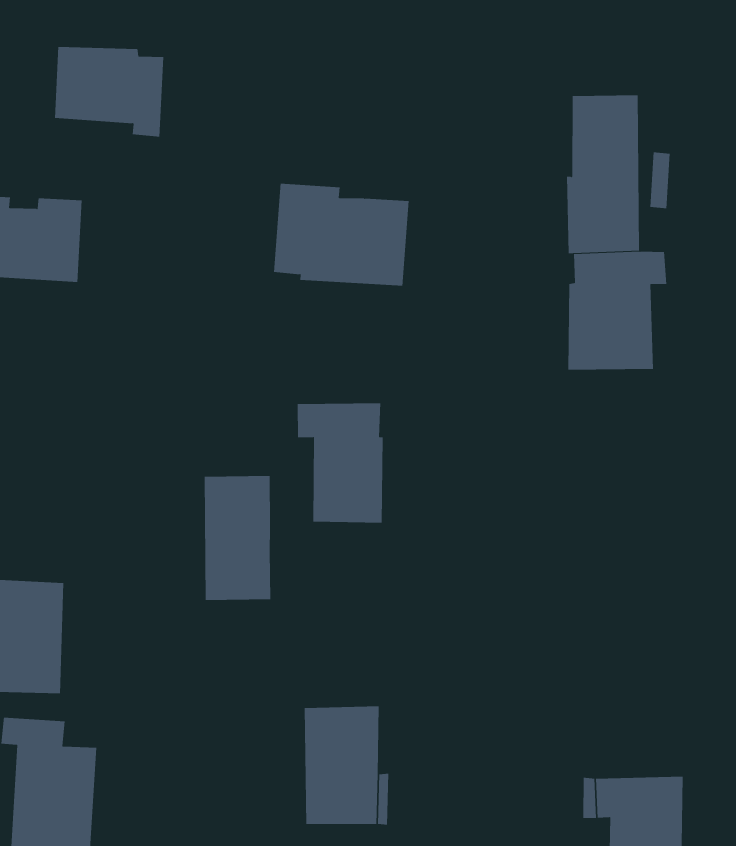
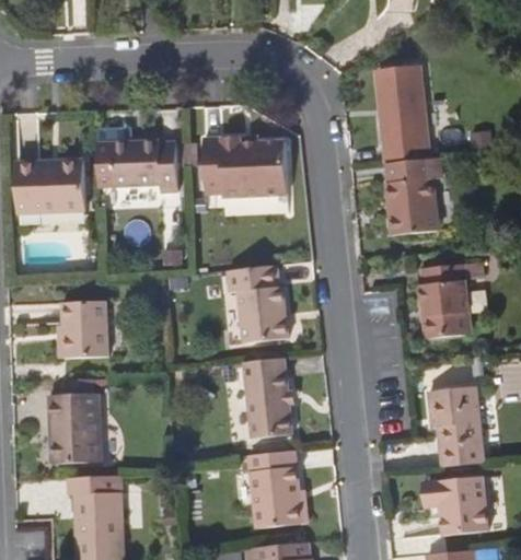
building: [54,47,164,137] -> [108,139,176,191]
building: none -> [60,299,108,357]
building: none -> [418,264,470,337]
building: [204,476,271,600] -> [243,359,291,439]
building: none -> [428,389,482,467]

